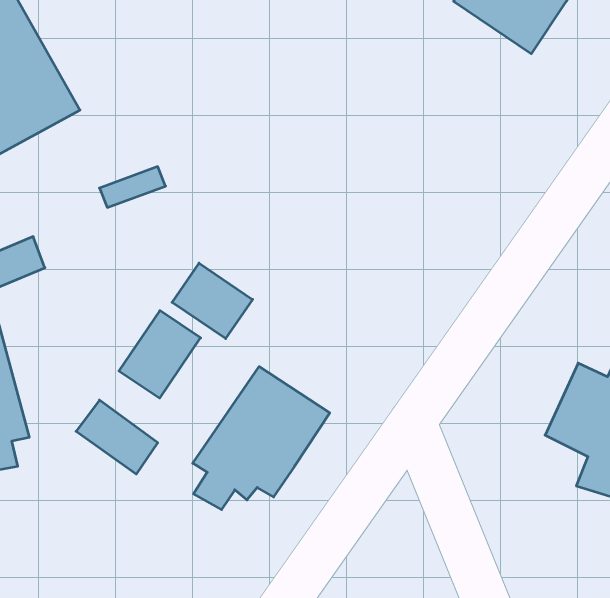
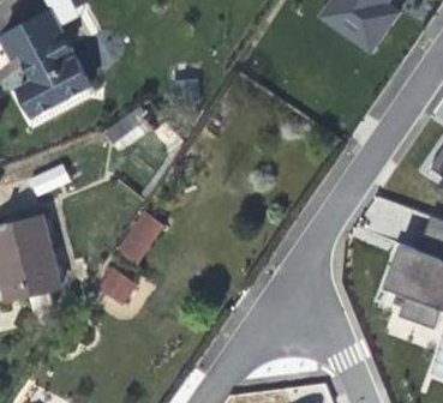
building: [172,263,253,339] -> none
building: [193,367,330,510] -> none

